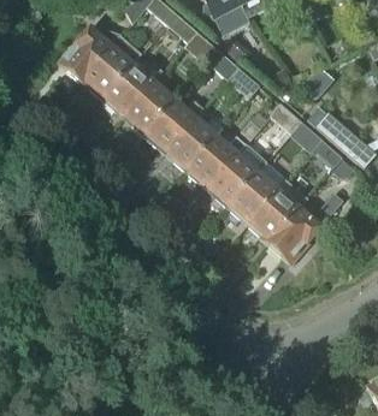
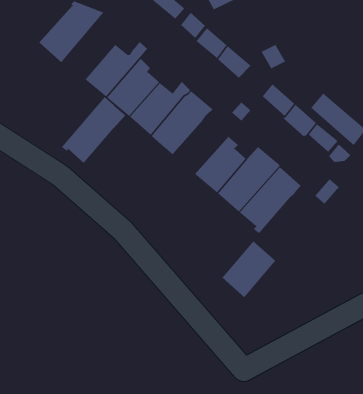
building: [81,35,142,99] -> [61,96,126,164]
building: [185,132,238,188] -> none
building: [267,209,319,263] -> [221,241,276,298]

